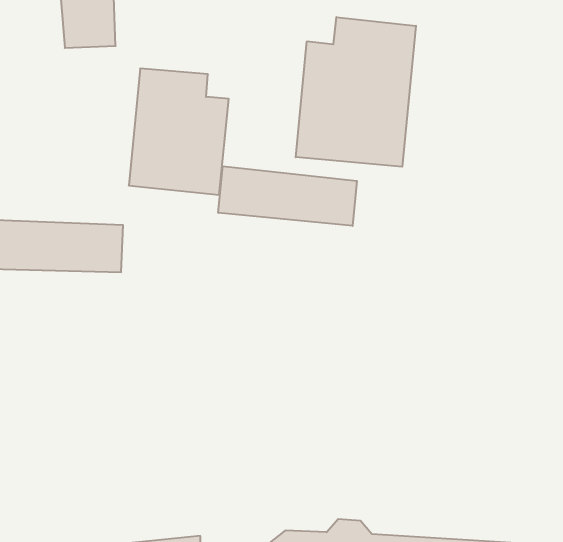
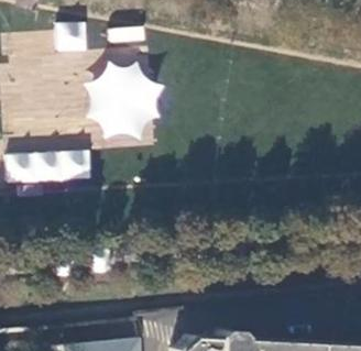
building: [296,17,416,167] -> none
building: [218,166,357,226] -> none

